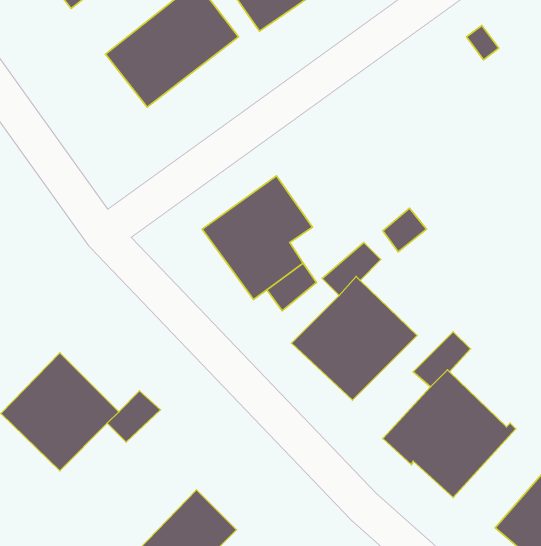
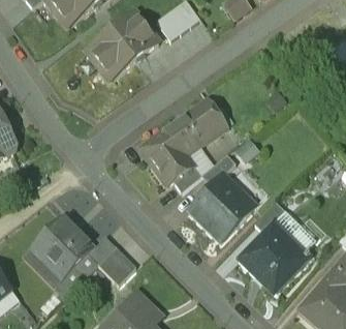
building: none -> [180,98,227,146]
building: none -> [98,245,136,283]

